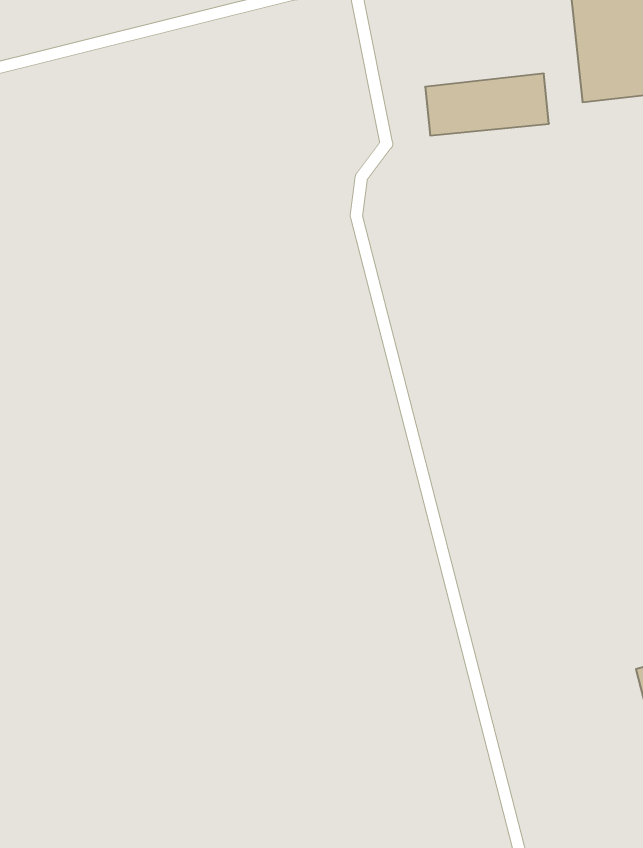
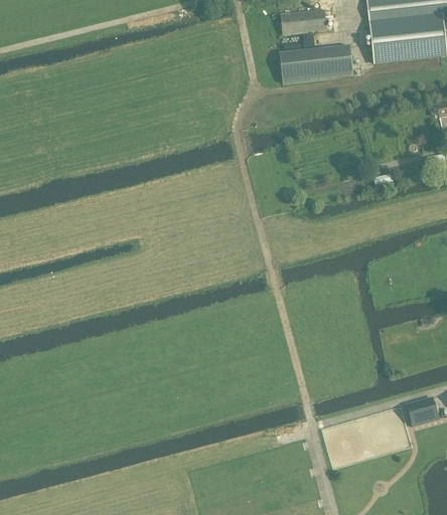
building: none -> [280,9,326,35]

